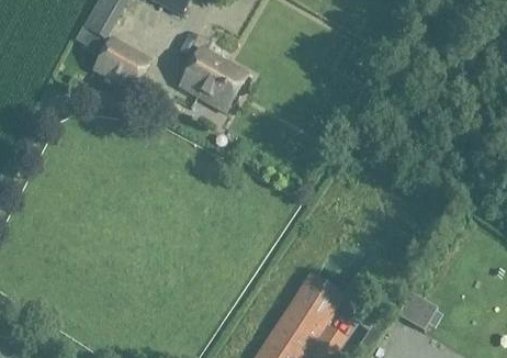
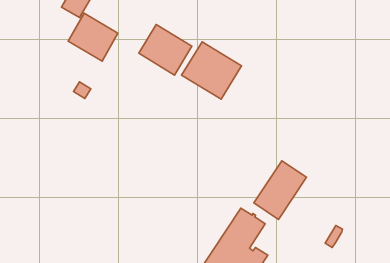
building: none -> [182,42,242,99]
building: none -> [254,161,306,219]

